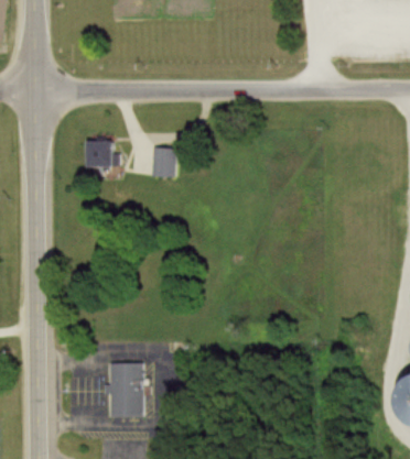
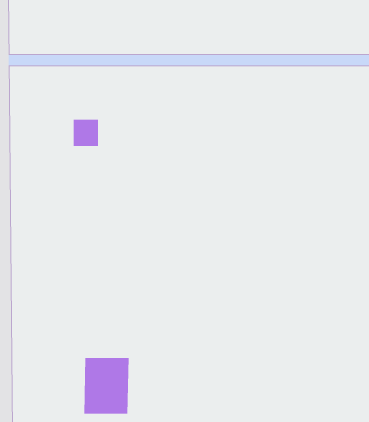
building: [151,147,174,176] -> none

